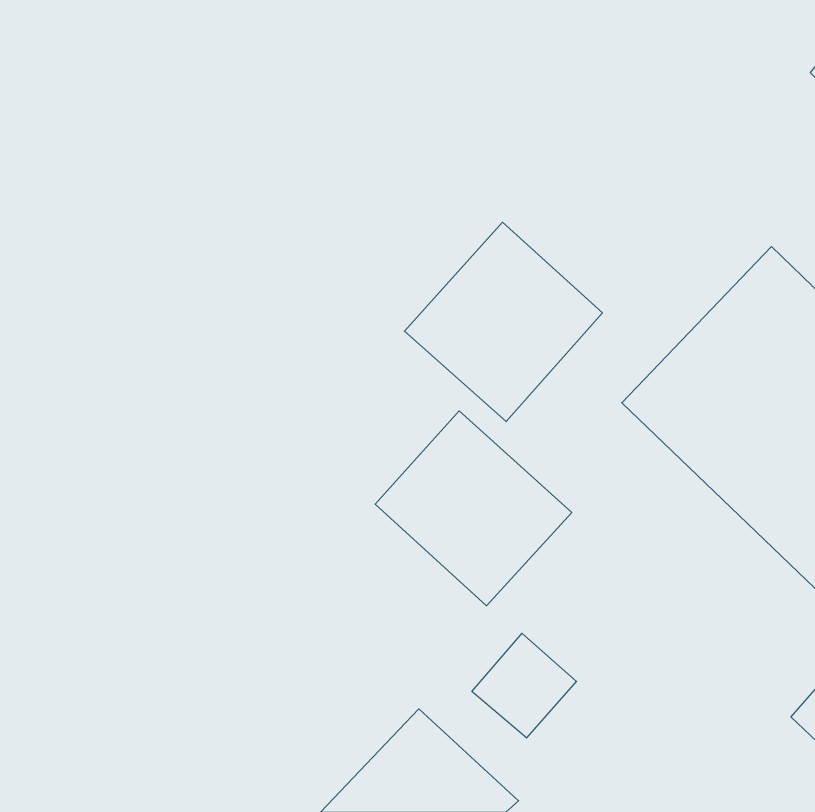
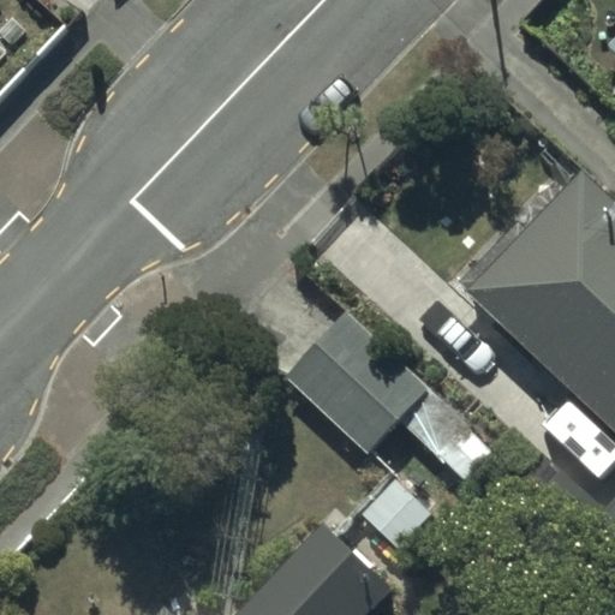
building: [404,222,602,422] -> none

